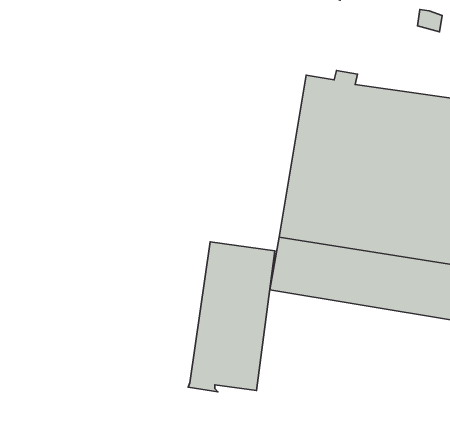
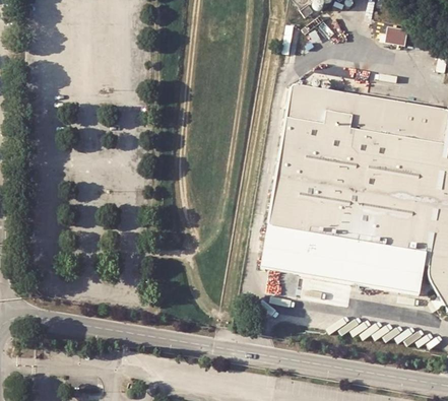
building: [188,242,275,392] -> none

